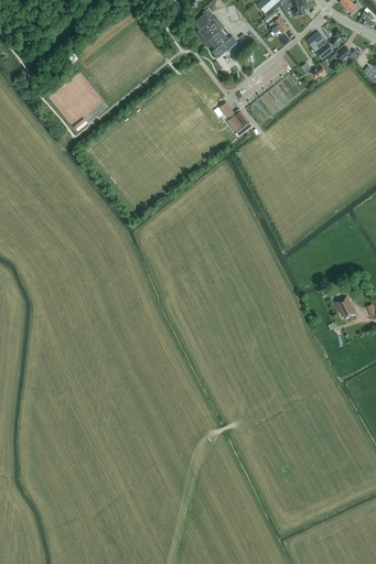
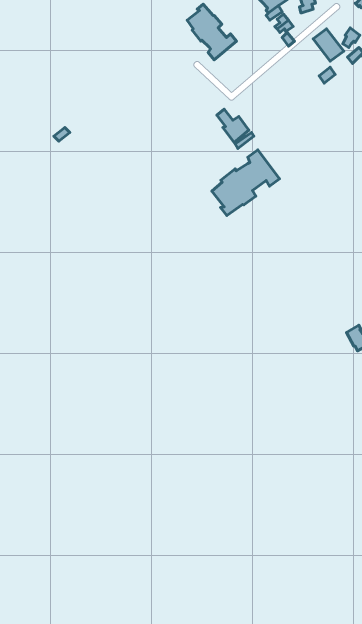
building: none -> [212,150,280,215]

